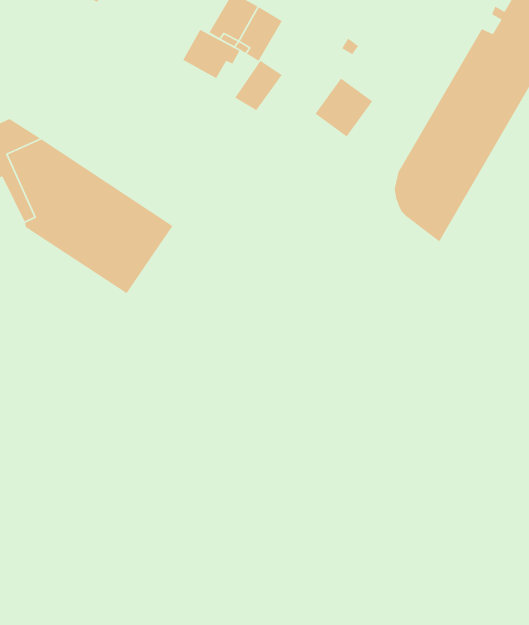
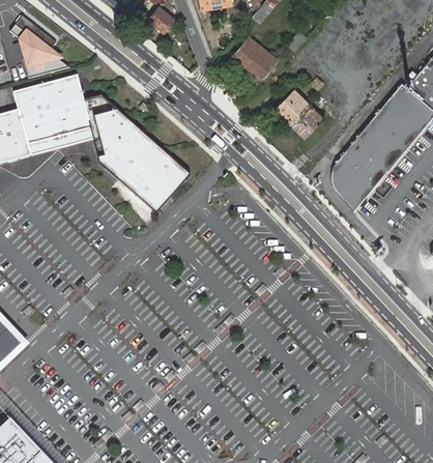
building: [182,29,240,79] -> none
building: [234,60,283,111] -> [276,89,308,120]

